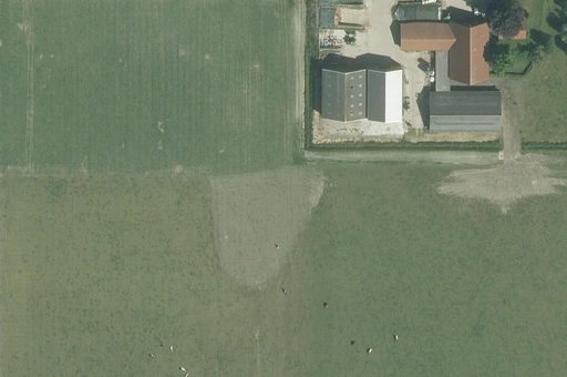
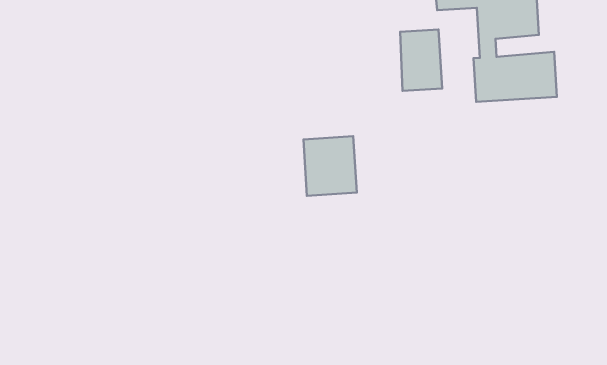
building: [321,69,364,118] -> [303,136,357,196]

